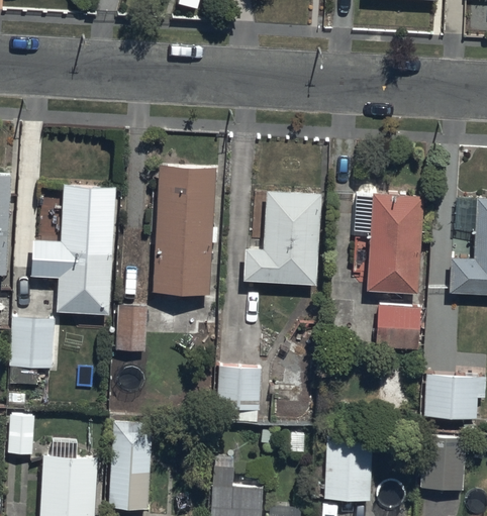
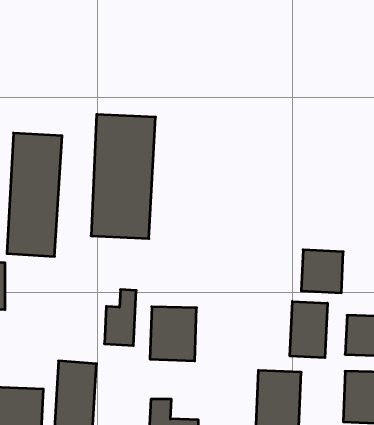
building: [247,187,317,283] -> none
building: [364,196,418,291] -> none
building: [115,291,150,351] -> [104,290,136,346]
building: none -> [290,301,327,358]

